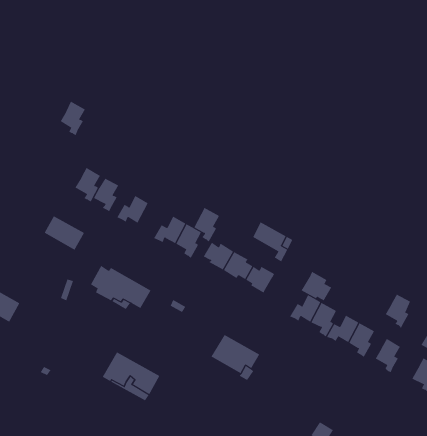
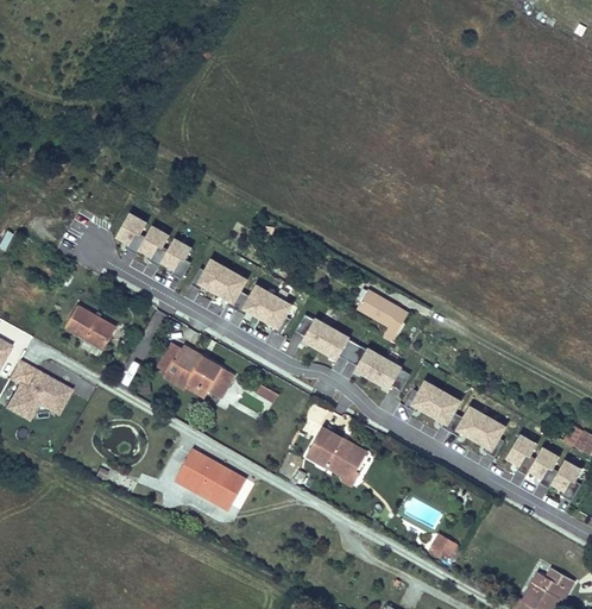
building: [60,101,86,136] -> [116,212,149,255]
building: [194,207,220,242] -> [216,268,248,310]
building: [44,216,85,250] -> [65,306,115,349]
building: [301,271,332,301] -> [371,354,409,391]
building: [385,294,411,329] -> [529,445,561,488]

